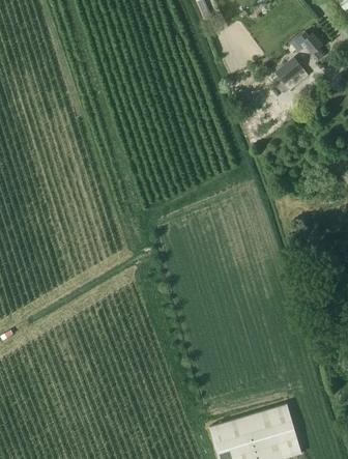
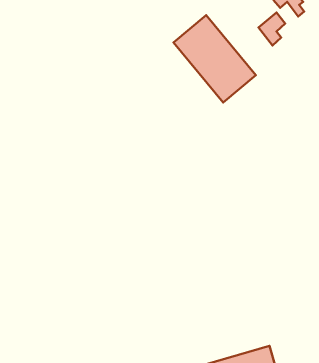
building: none -> [173,15,256,102]

